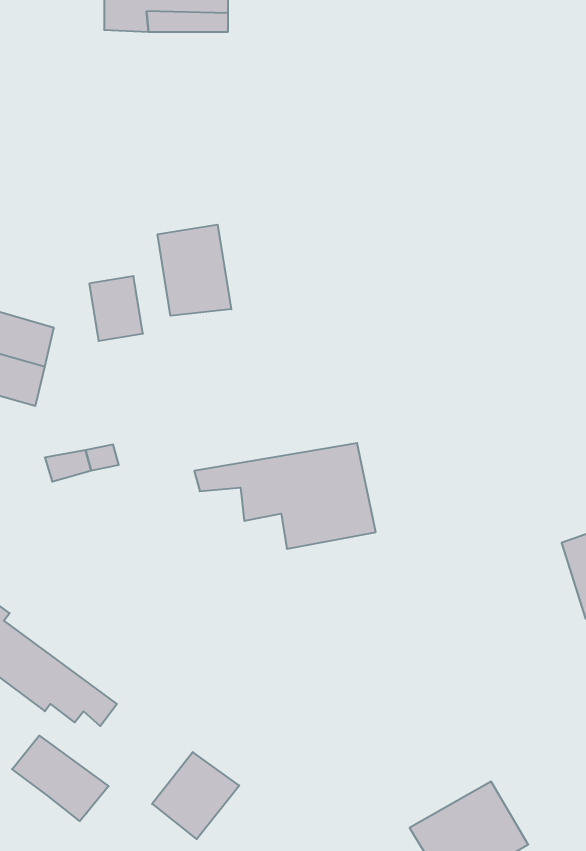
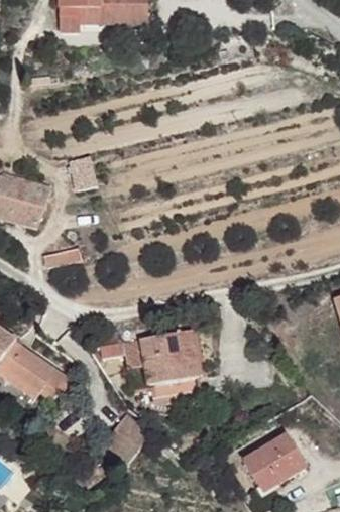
building: [158,225,231,316] -> none
building: [194,443,376,549] -> [97,329,196,386]
building: [12,736,109,821] -> none

